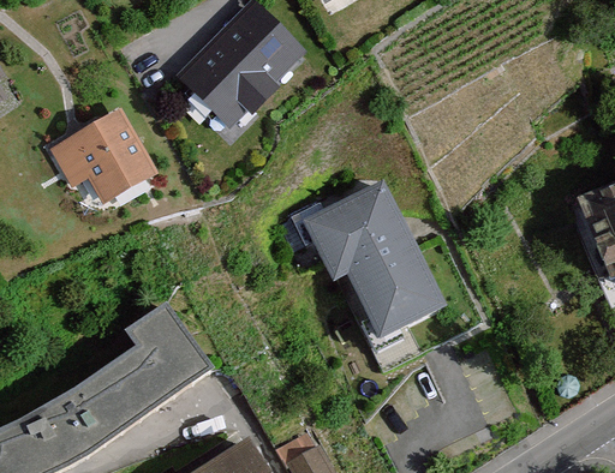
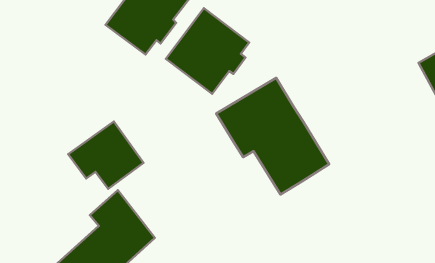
building: none -> [166,8,249,94]
building: [52,114,148,200] -> [68,121,143,189]

